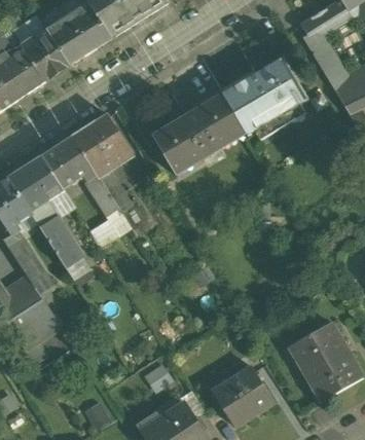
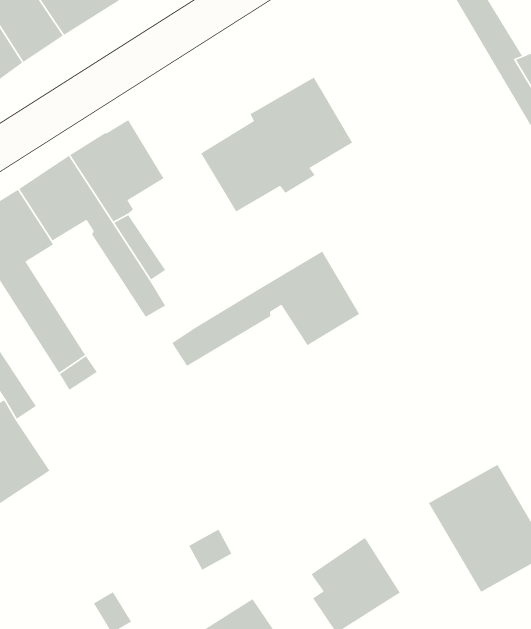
building: [220,56,308,135] -> none
building: none -> [171,250,360,367]

